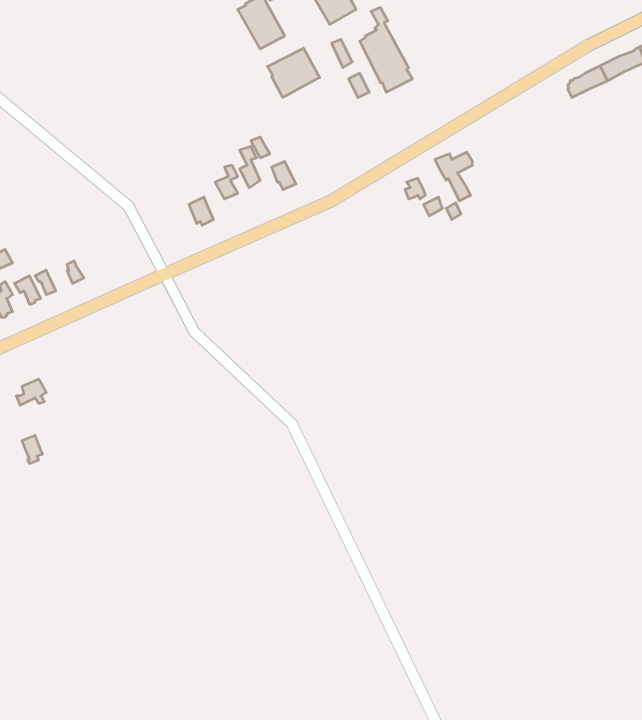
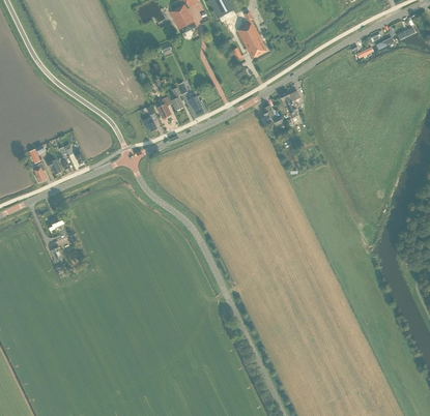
building: [267,48,320,97] -> none

